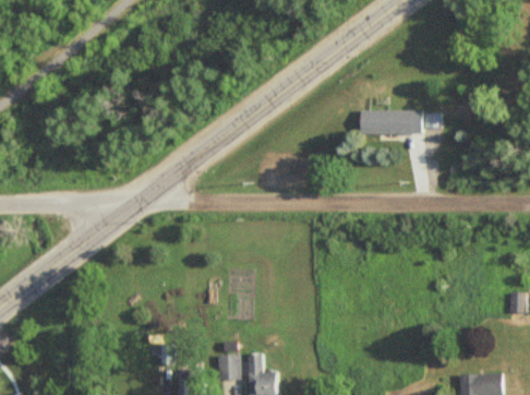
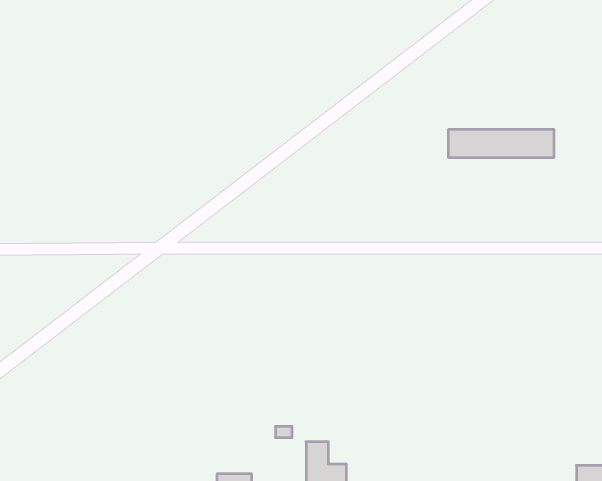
building: [217,355,240,380] -> none

